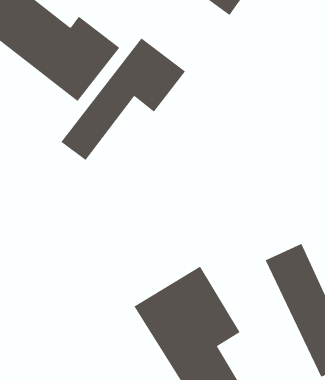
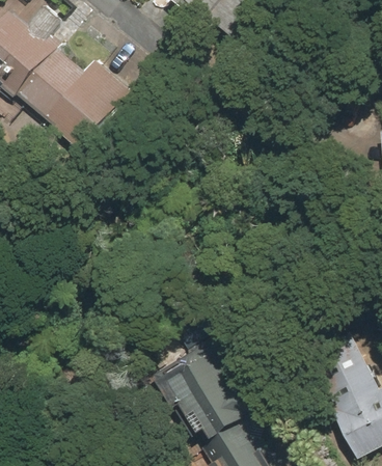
building: [60,38,186,161] -> none

